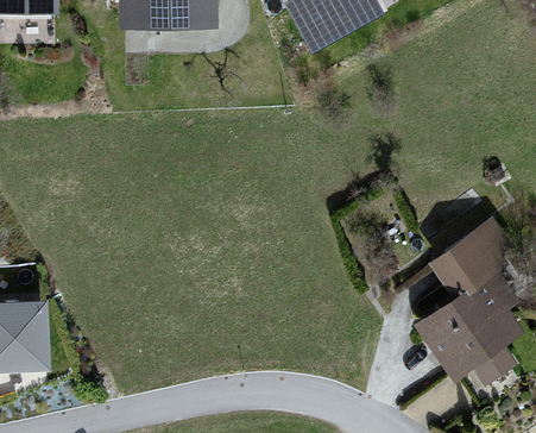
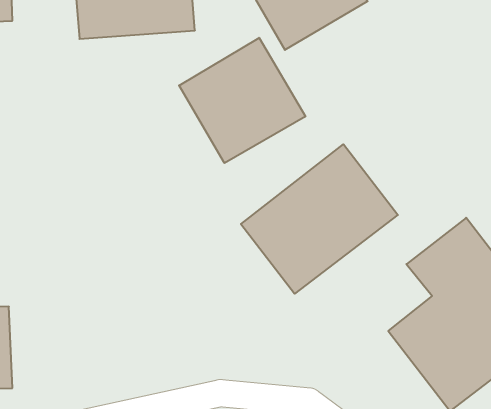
building: none -> [179,38,305,163]
building: none -> [241,144,398,294]

